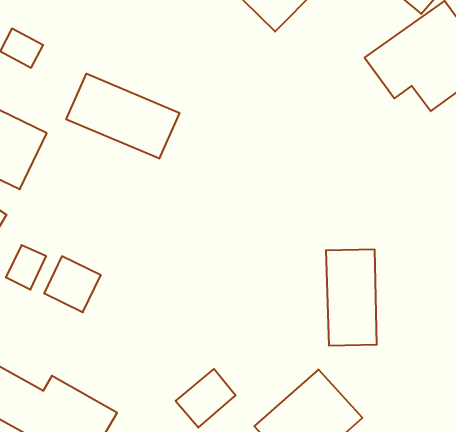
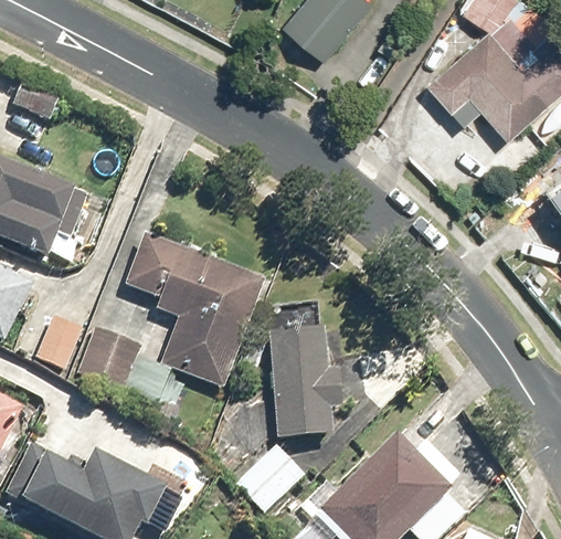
building: [66,74,179,159] -> none
building: none -> [125,232,263,385]
building: [326,250,377,345] -> [267,324,331,435]

